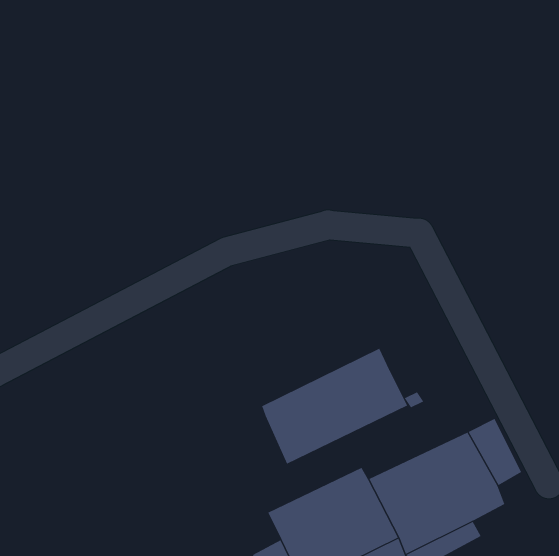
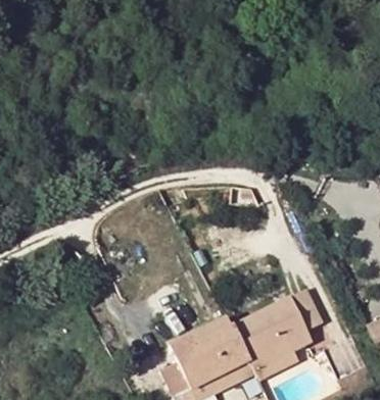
building: [261,348,408,464] -> none

